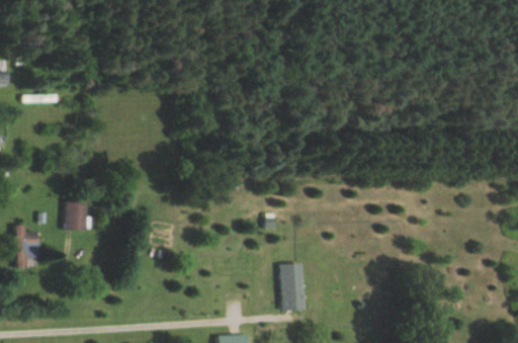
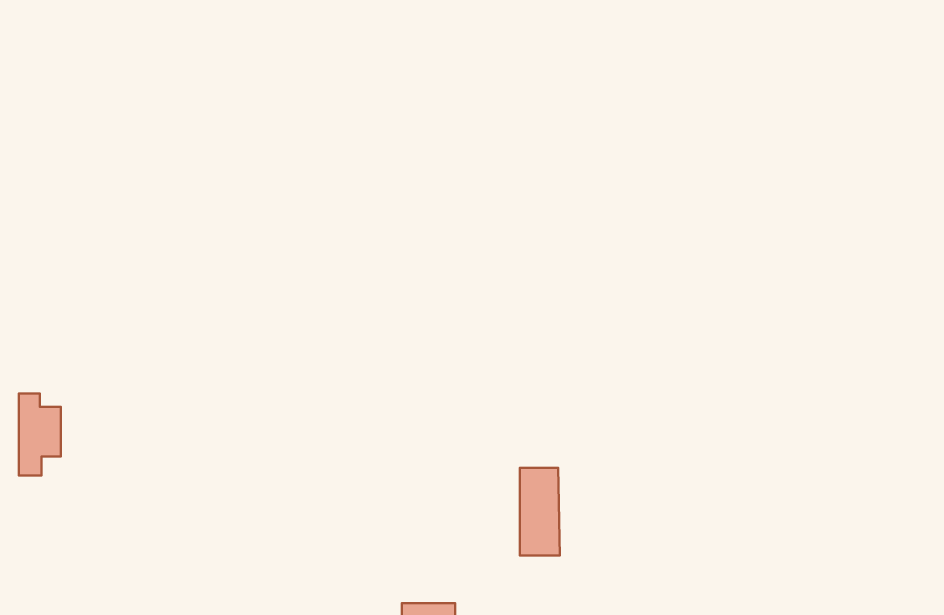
building: [66,200,87,231] -> none

